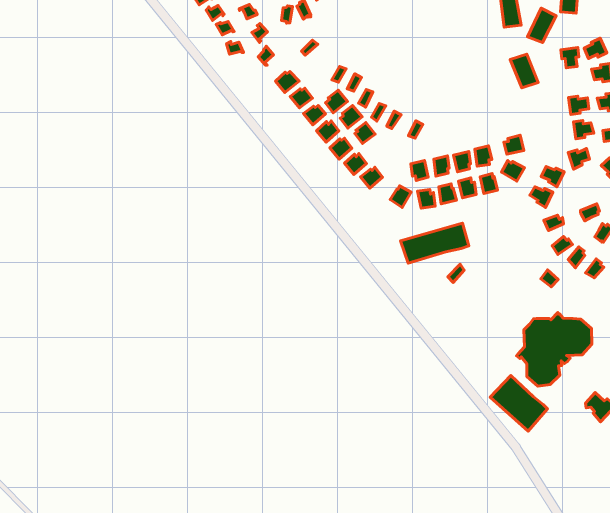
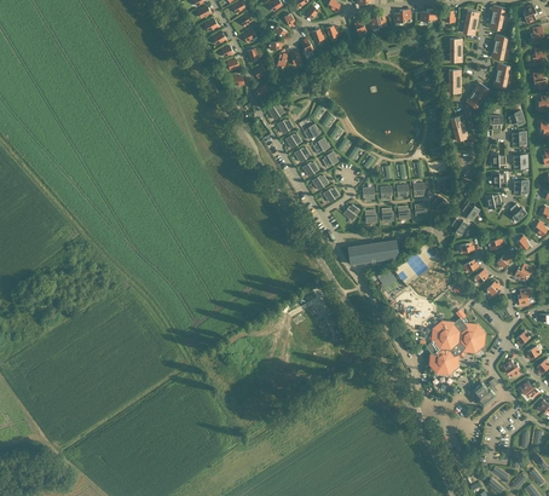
building: [490,376,548,431] -> none

